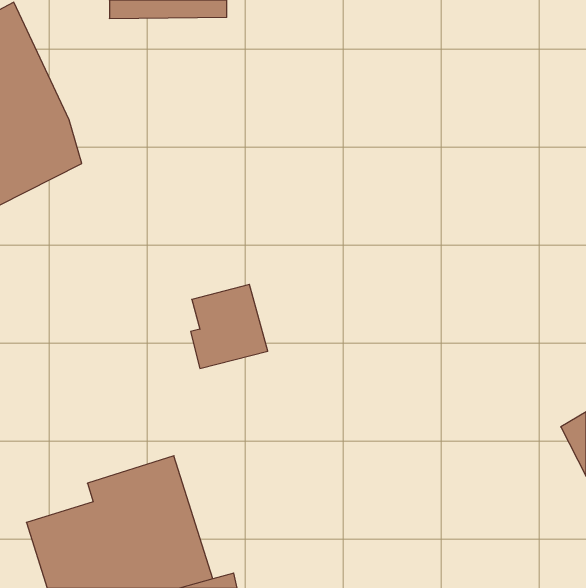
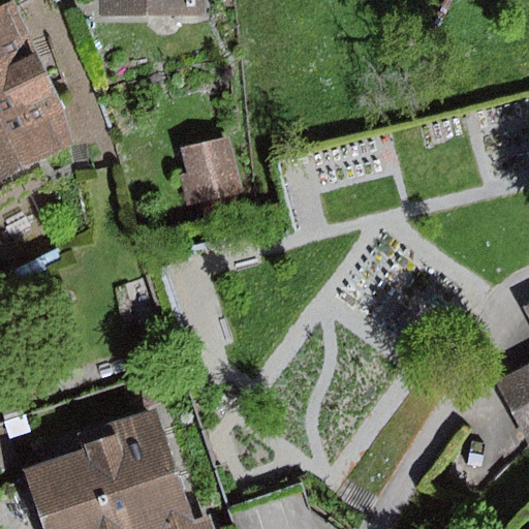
building: [191,284,268,368] -> [177,134,246,210]

